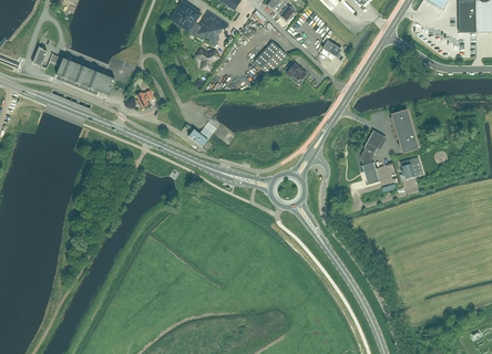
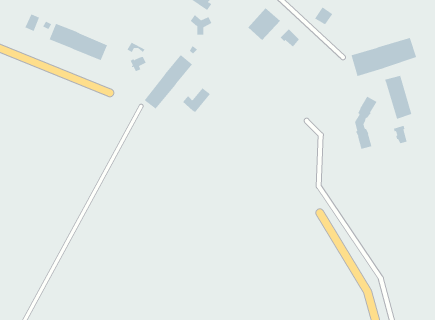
building: none -> [351,37,417,77]
building: none -> [144,54,193,110]

